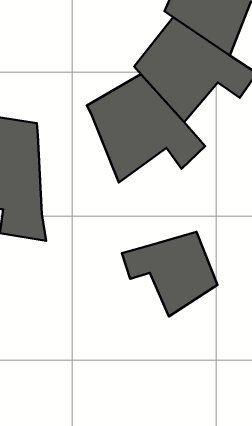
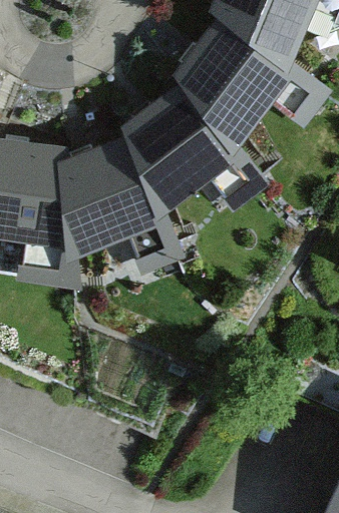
building: none -> [62,135,172,267]
building: [122,232,217,317] -> none

